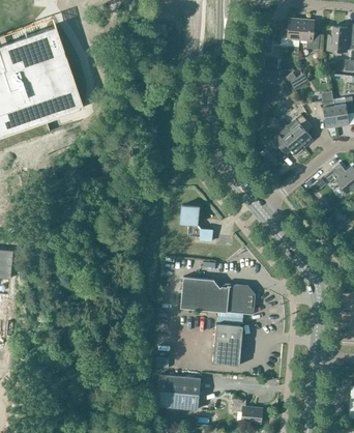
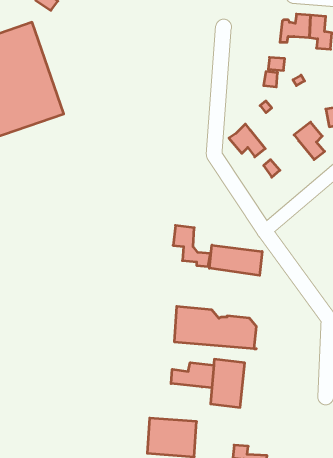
building: [272,125,304,154] -> [229,124,265,157]
building: none -> [209,245,262,275]
building: none -> [171,363,214,388]

